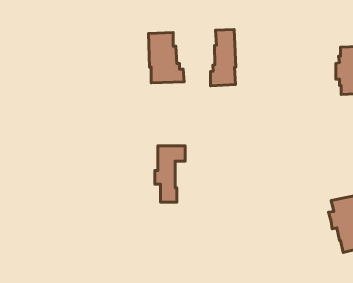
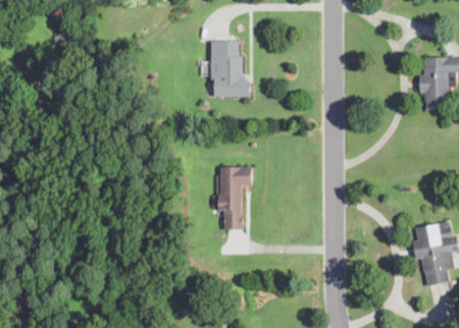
building: [210,29,236,86] -> none

